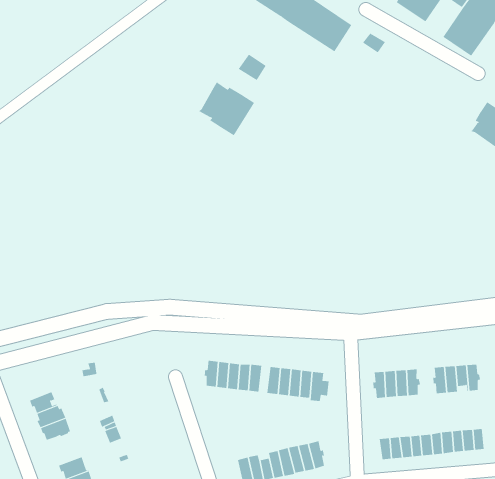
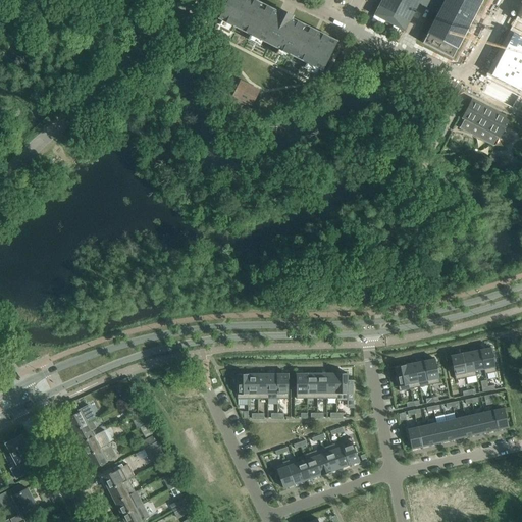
building: [198,81,255,136] -> none
building: none -> [67,404,96,431]
building: none -> [103,463,135,489]

